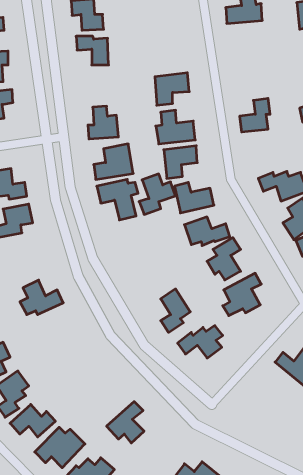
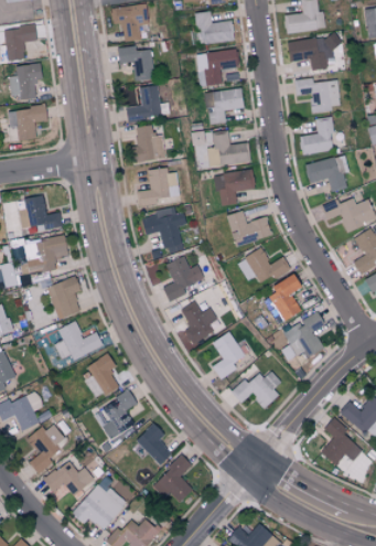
building: none -> [194,12,234,45]
building: none -> [288,38,335,71]
building: none -> [196,49,237,86]
building: none -> [294,78,341,111]
building: none -> [126,85,161,121]
building: none -> [304,156,348,192]
building: [139,174,176,214] -> [162,255,203,300]
building: none -> [49,277,80,318]
building: none -> [180,301,216,344]
building: none -> [86,355,118,393]
building: none -> [93,390,137,439]
building: none -> [321,417,363,465]
building: none -> [136,422,171,464]

